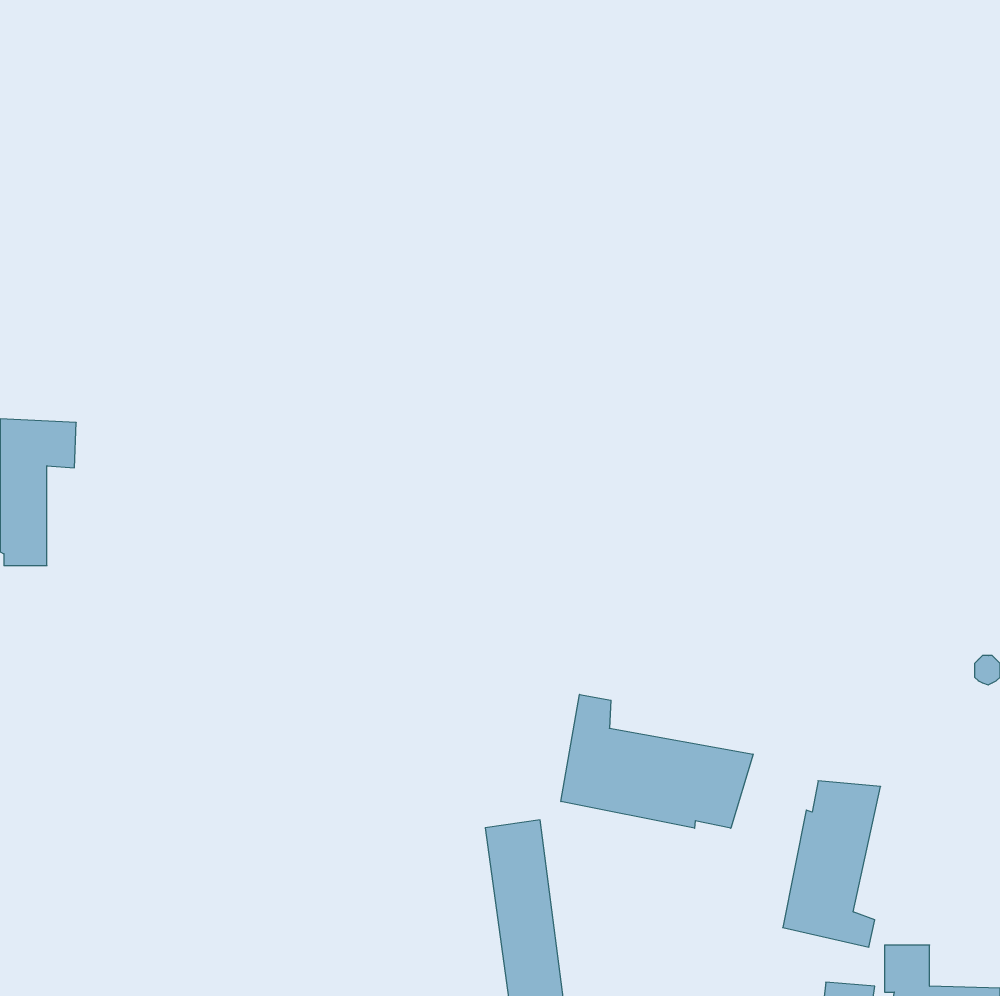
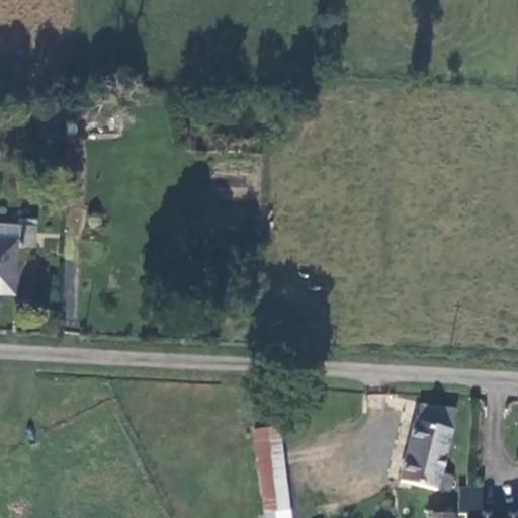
building: [561,694,753,828] -> none

